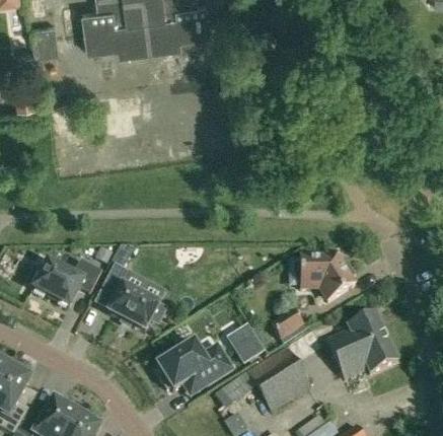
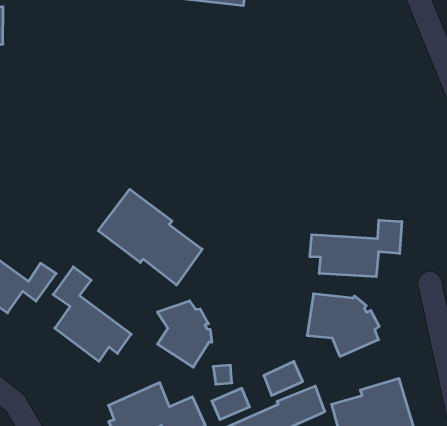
building: none -> [310,220,402,277]
building: none -> [98,189,202,285]
building: none -> [157,301,212,367]

